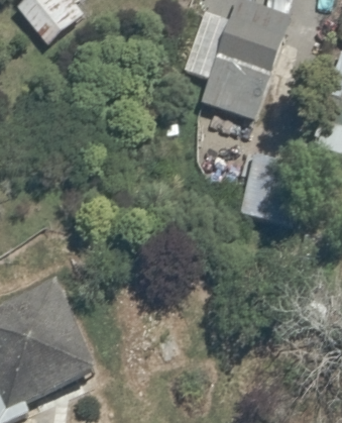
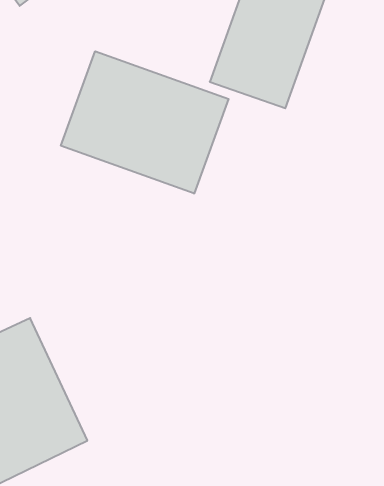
building: none -> [61,51,229,194]

